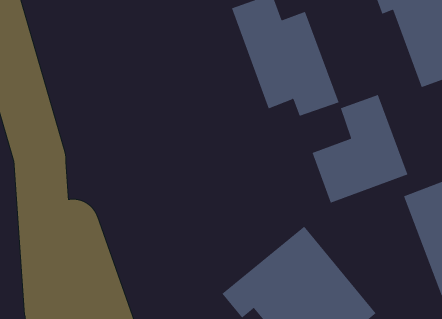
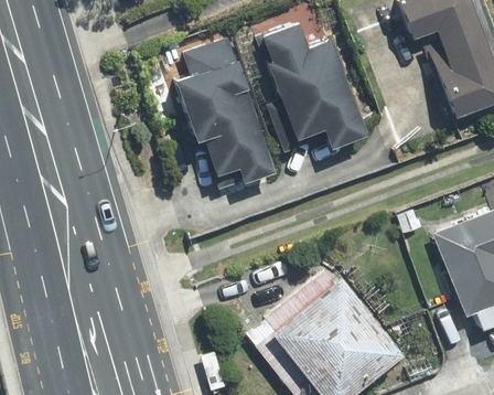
building: none -> [174,38,276,184]
building: [312,94,408,204] -> none

